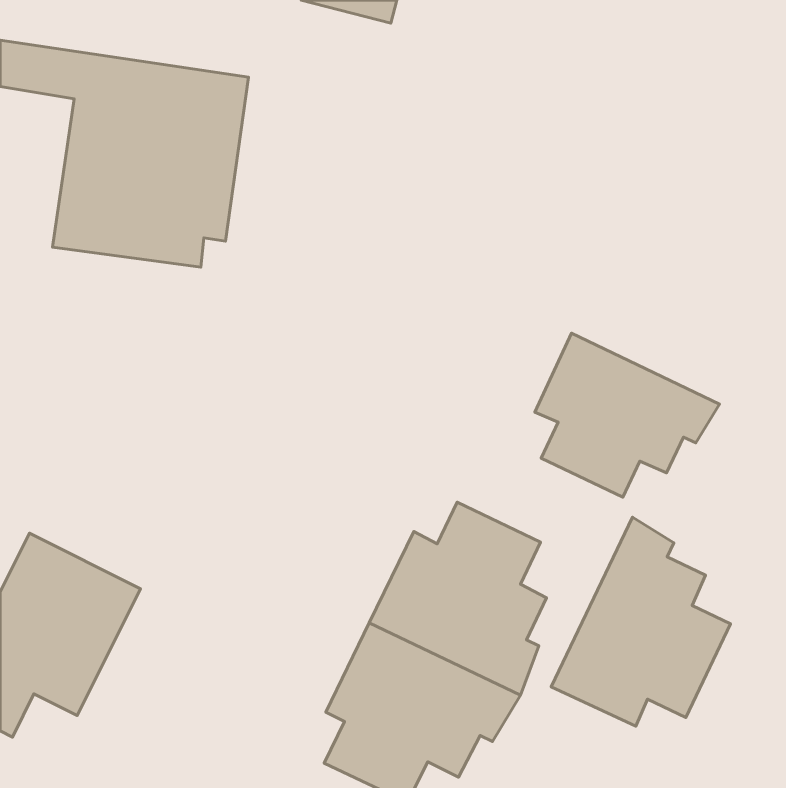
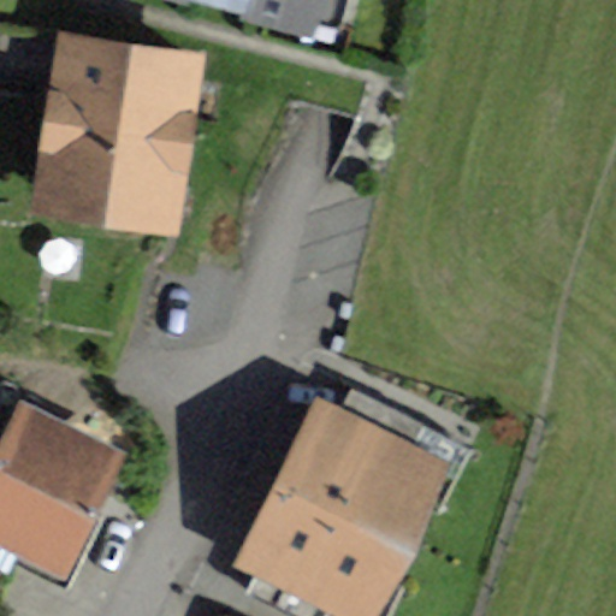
building: [535,333,719,497] -> none
building: [551,517,731,726] -> none

